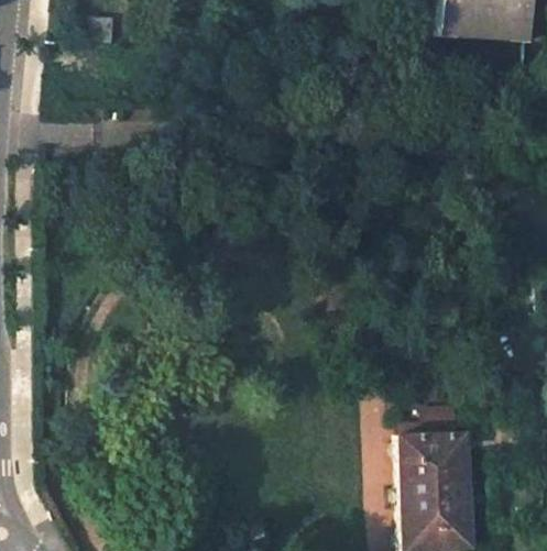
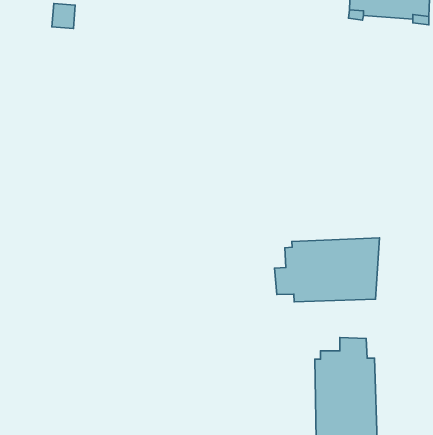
building: none -> [274,238,380,302]

